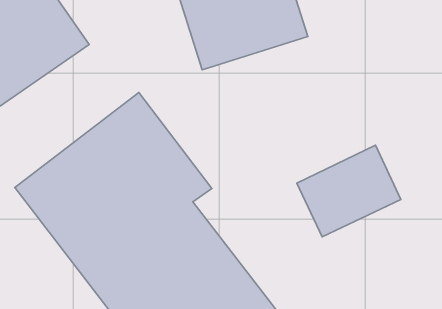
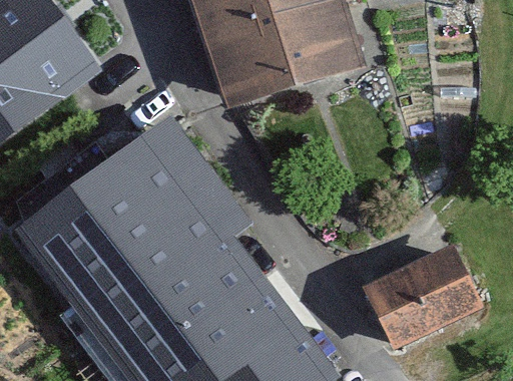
building: [297,145,401,237] -> [368,249,483,350]

